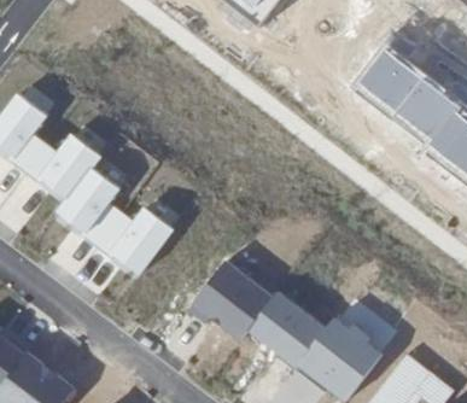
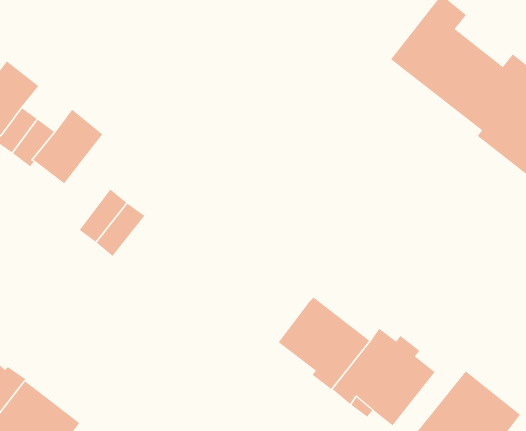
building: [57,160,119,226] -> none
building: [112,203,174,269] -> none
building: [187,255,274,337] -> none

